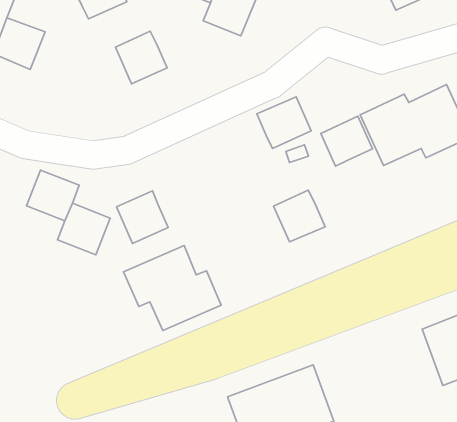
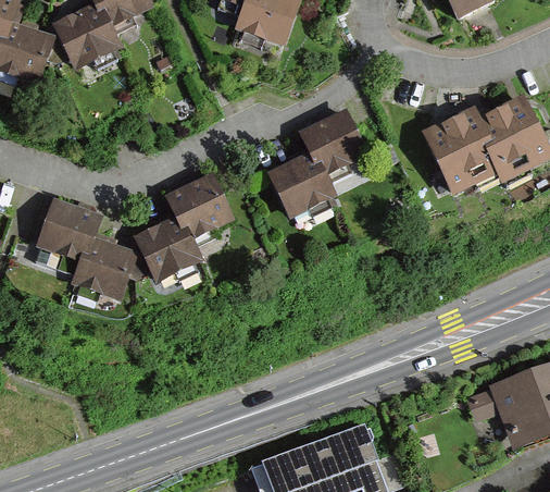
building: [115,31,167,84] -> [58,7,117,67]
building: [321,116,373,166] -> none
building: none -> [167,176,232,236]
building: [274,190,325,242] -> [271,157,330,217]
building: [124,245,221,330] -> none

